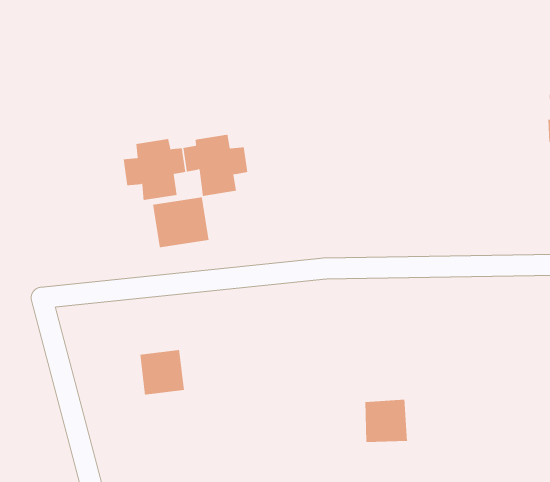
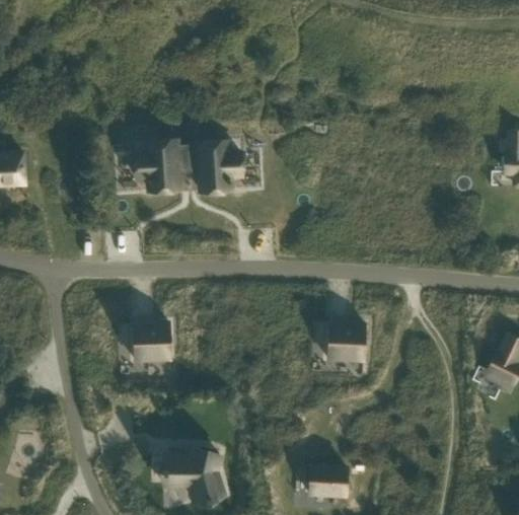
building: [152,196,209,248] -> none
building: [364,399,408,443] -> [327,324,365,362]

